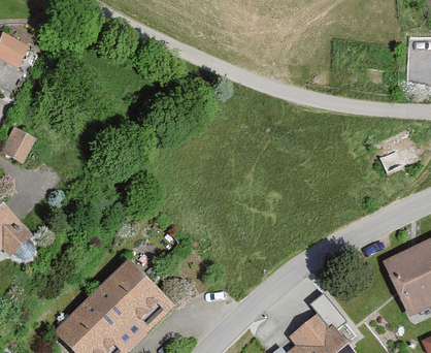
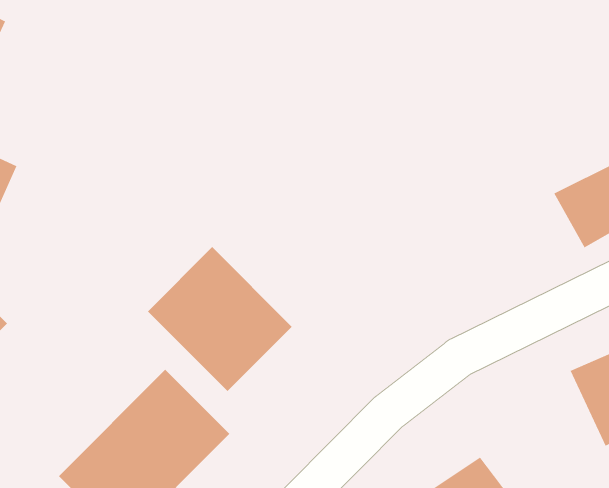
building: none -> [147,246,293,392]

